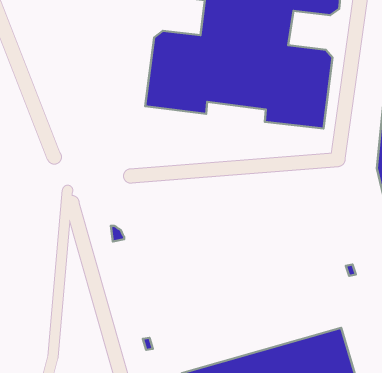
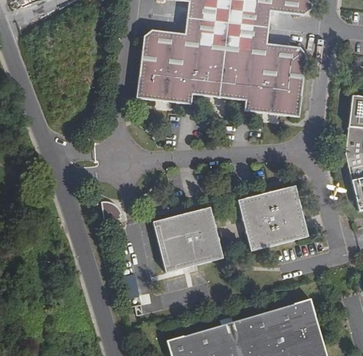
building: none -> [237,184,307,250]
building: none -> [151,207,220,272]

